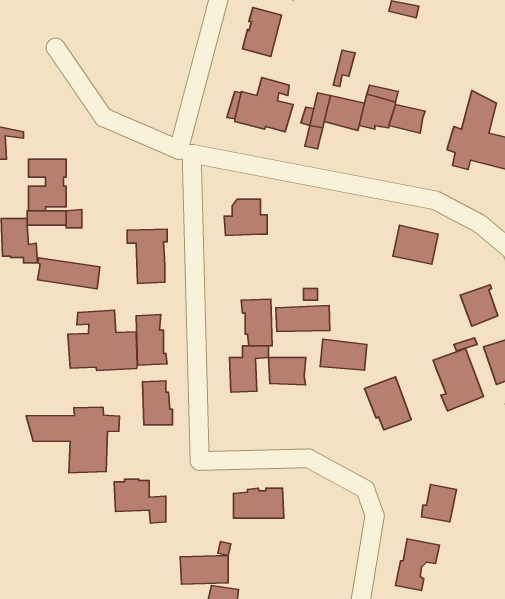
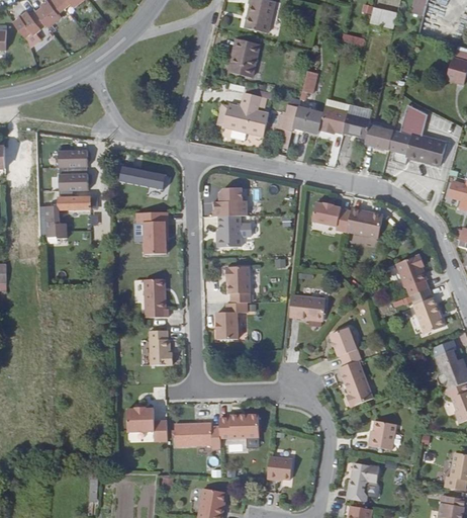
building: none -> [364,124,392,149]
building: none -> [310,203,349,233]
building: none -> [217,215,242,247]
building: [38,258,100,289] -> [117,164,166,188]
building: [276,306,330,332] -> none
building: [68,310,137,370] -> none
building: [433,349,484,411] -> [332,361,371,410]
building: [268,357,306,385] -> none
building: [26,407,119,473] -> none
building: none -> [268,457,294,480]
building: [180,556,228,584] -> [175,423,212,445]

